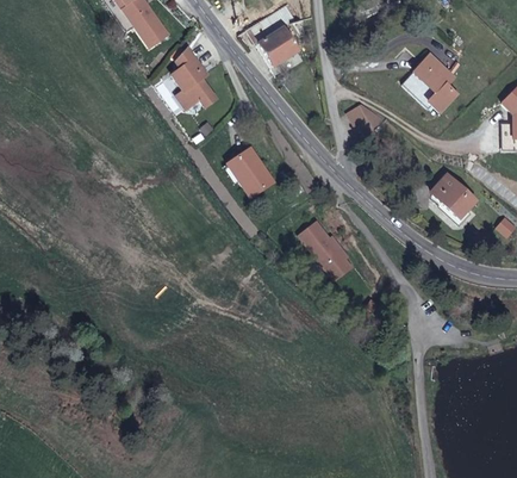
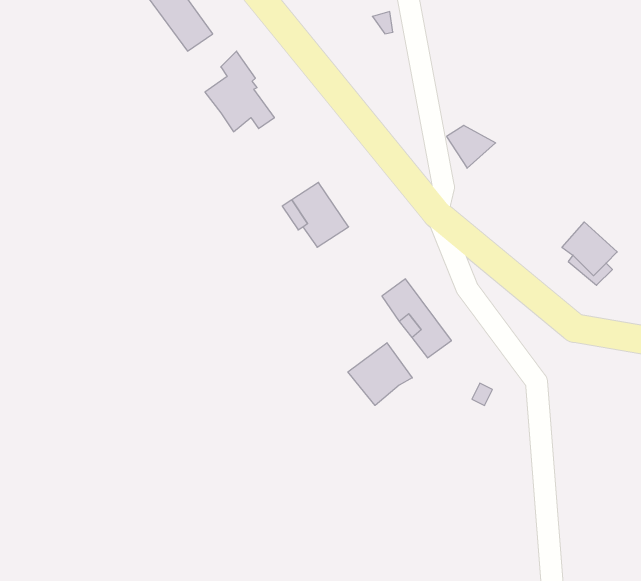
building: [251,26,304,75] -> none
building: [401,52,456,111] -> none
building: none -> [348,343,412,405]

